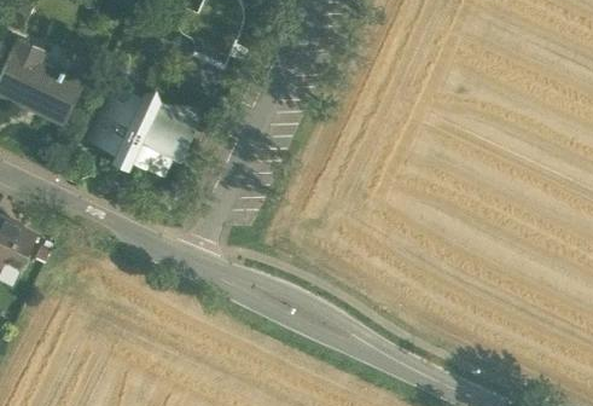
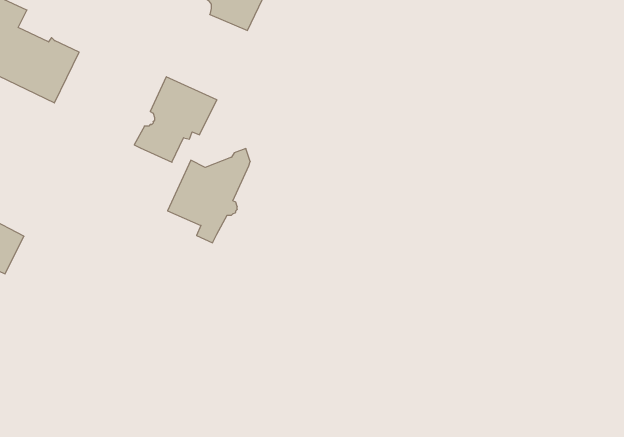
building: [88,87,157,166] -> [168,149,250,243]

